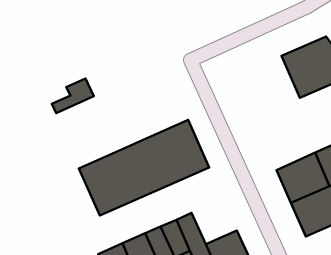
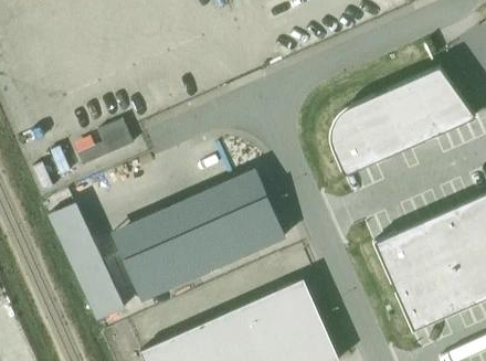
building: none -> [329,92,404,173]
building: none -> [49,205,121,322]
building: none -> [262,279,321,339]

